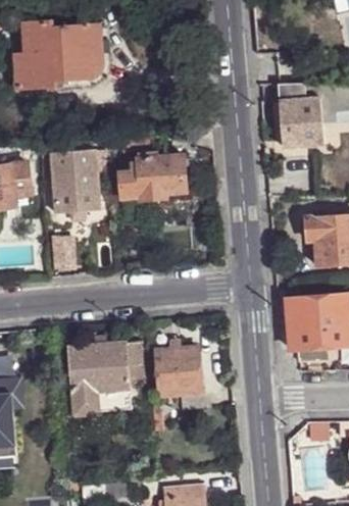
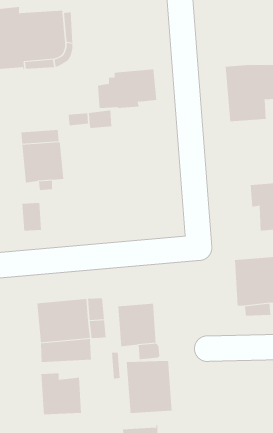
building: [118,154,185,198] -> [97,69,157,109]
building: none -> [126,360,172,414]
building: none -> [41,372,82,415]

